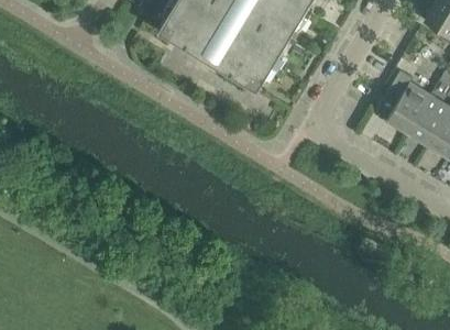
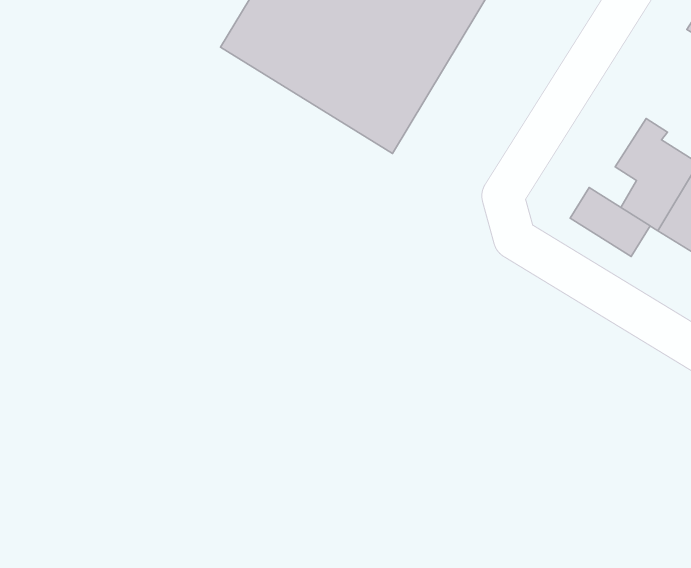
building: none -> [570,188,650,257]

